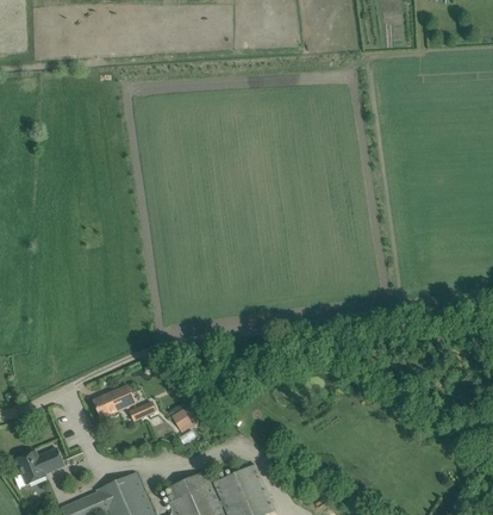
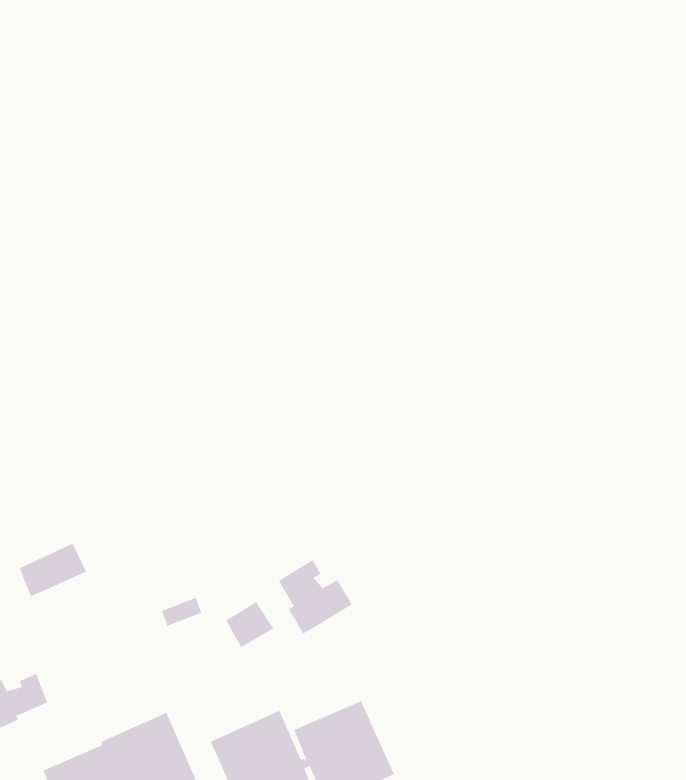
building: none -> [278,559,353,634]
building: [93,385,135,418] -> [19,543,87,597]

